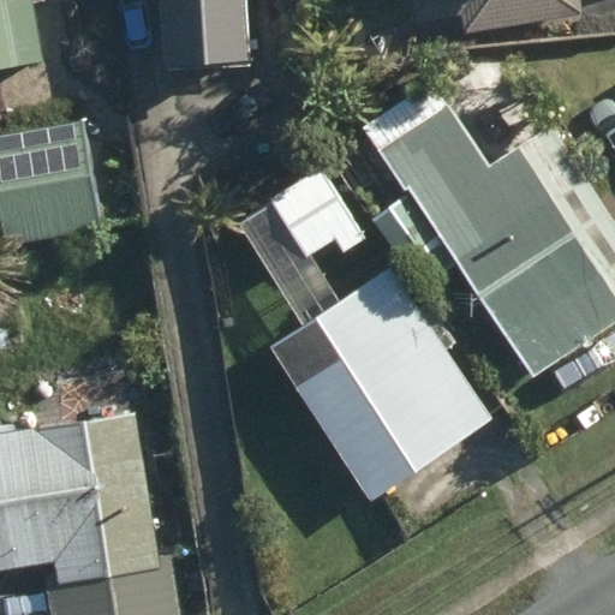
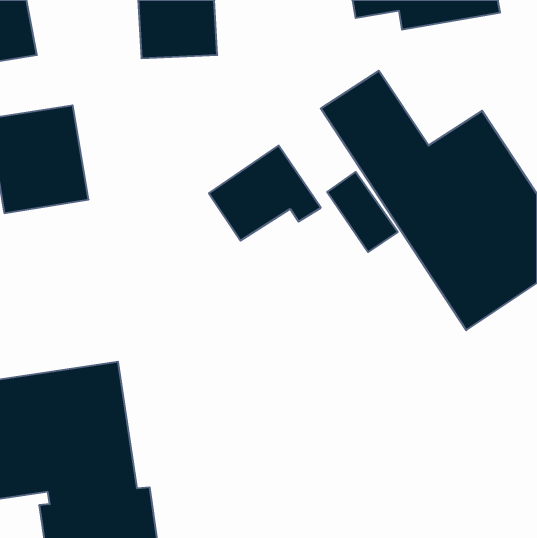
building: [287,263,490,502] -> none

